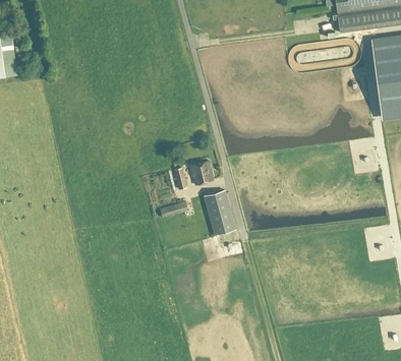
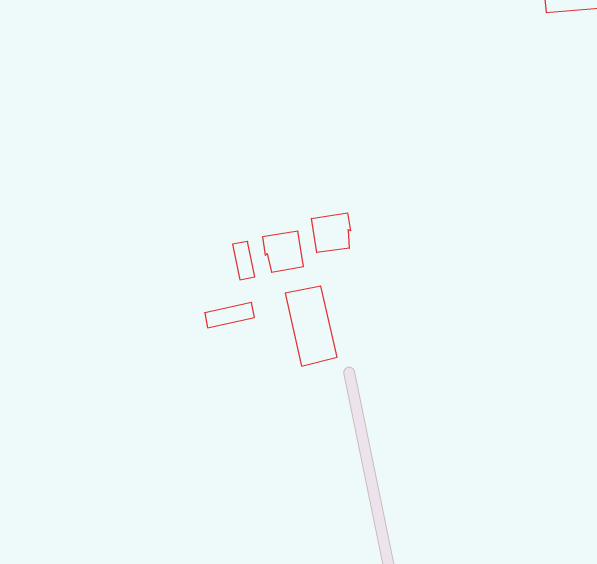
building: none -> [312,213,351,253]

